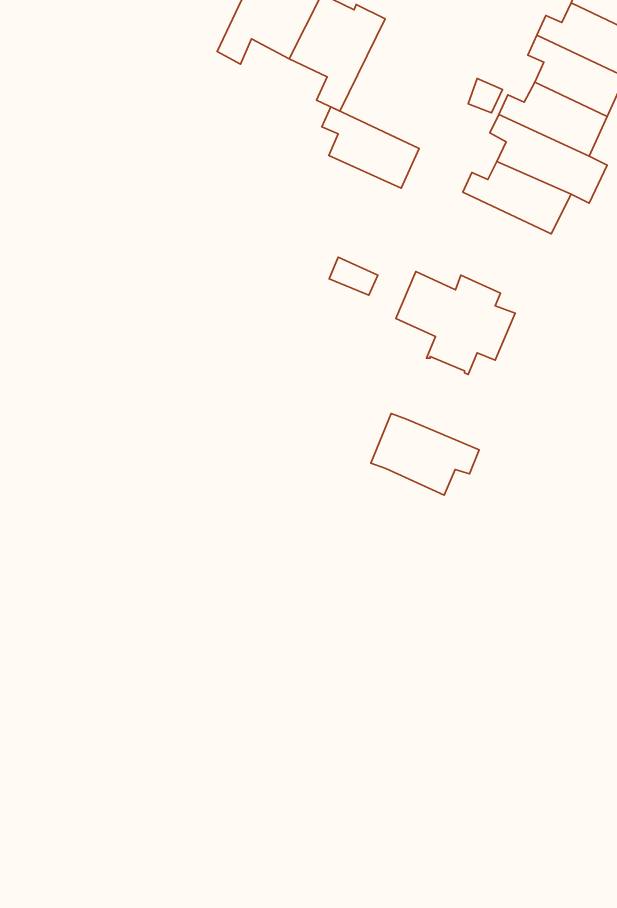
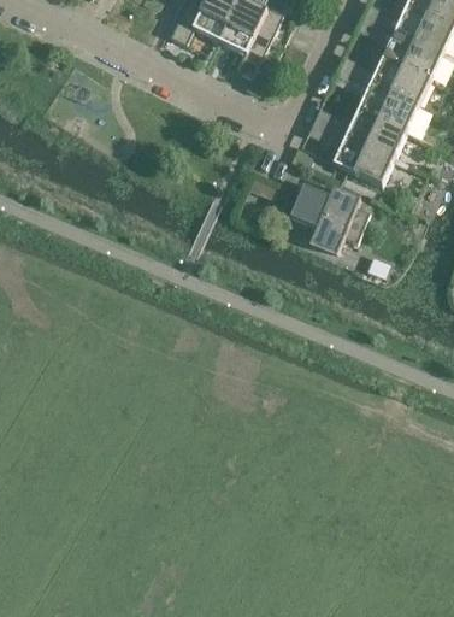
building: [322,107,419,188] -> [329,129,394,183]
building: [371,414,479,495] -> none

